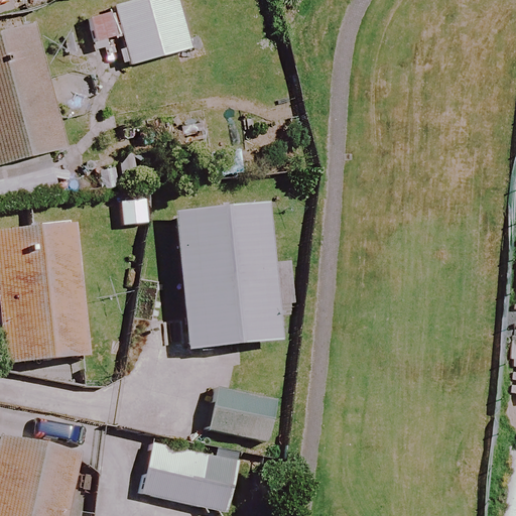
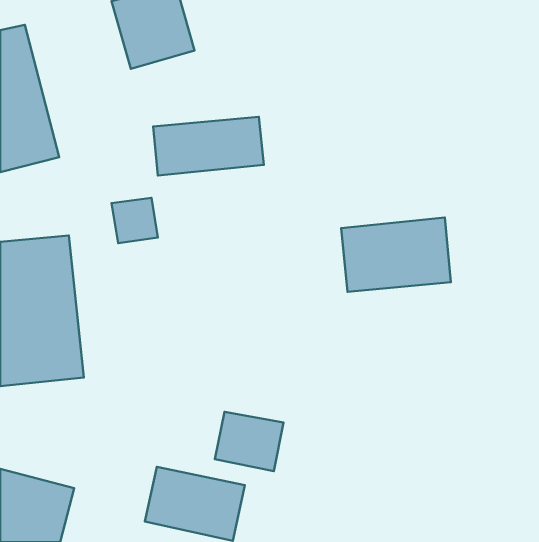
building: none -> [153,117,264,176]
building: [173,202,299,349] -> none
building: none -> [341,218,451,292]

